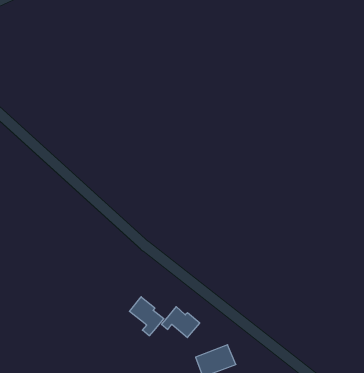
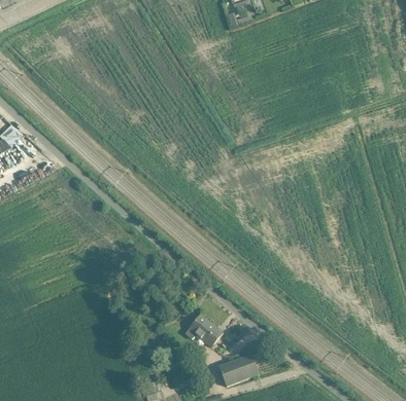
building: [129,297,164,336] -> none

